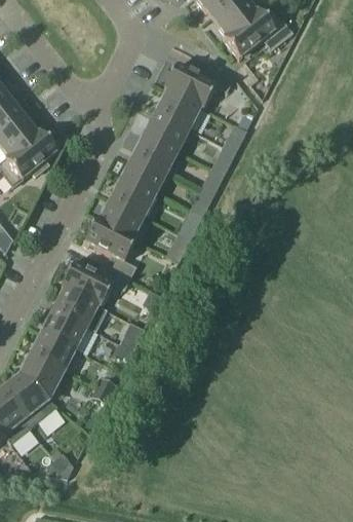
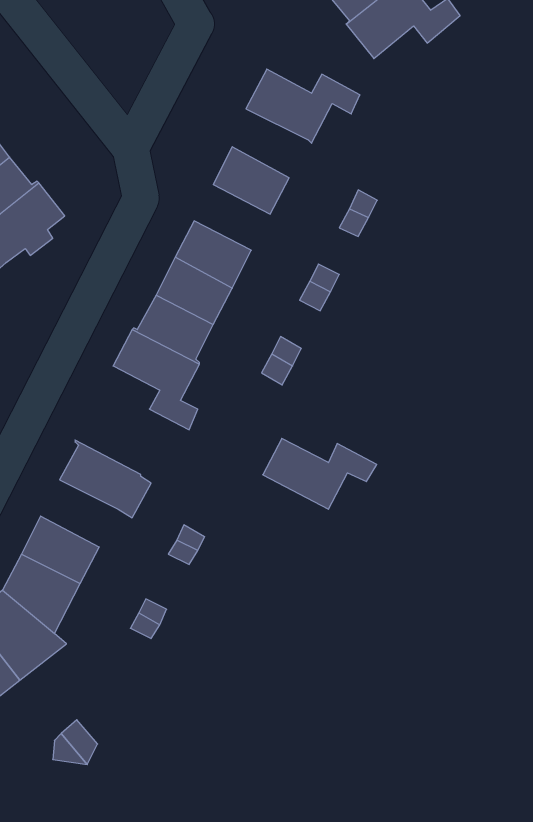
building: [156,85,201,126] -> none
building: [133,130,179,170] -> none
building: [63,261,130,303] -> [263,438,377,509]
building: [42,306,88,346] -> none

